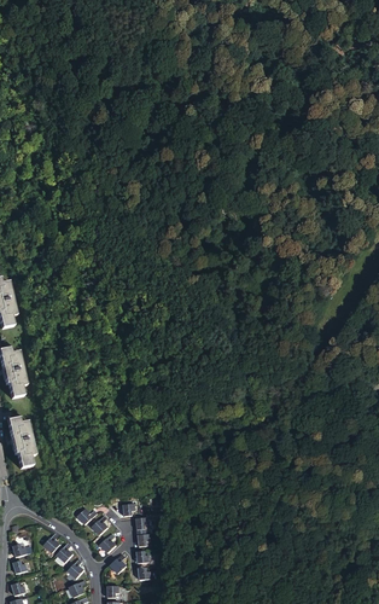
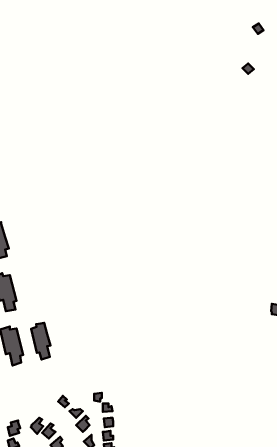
building: none -> [31,323,50,359]

